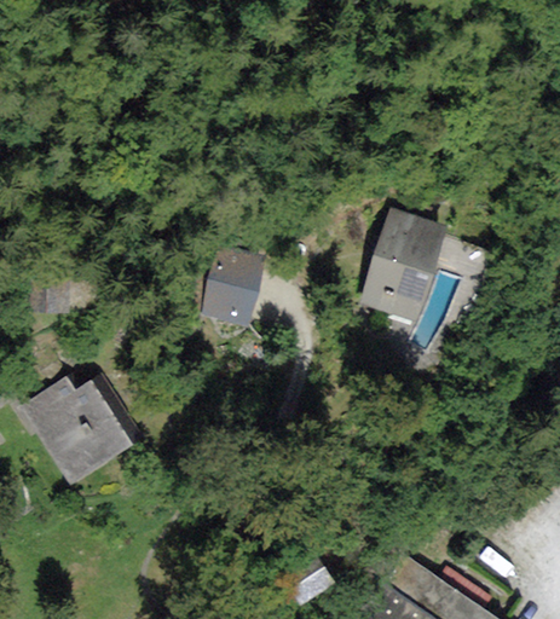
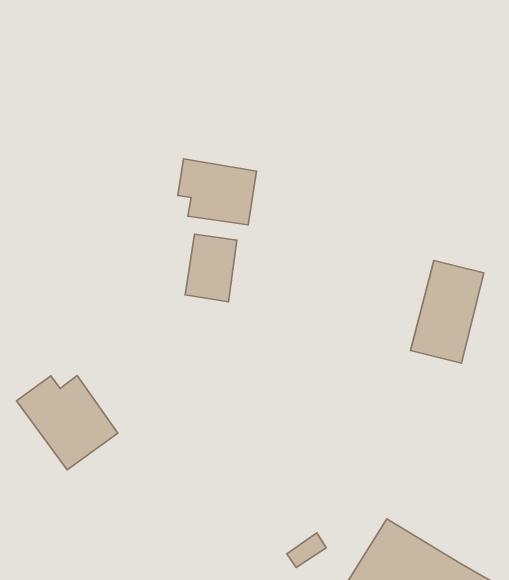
building: none -> [178,159,257,225]
building: [363,213,441,318] -> [410,260,484,363]

